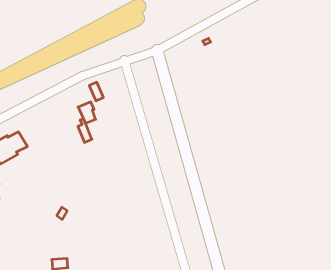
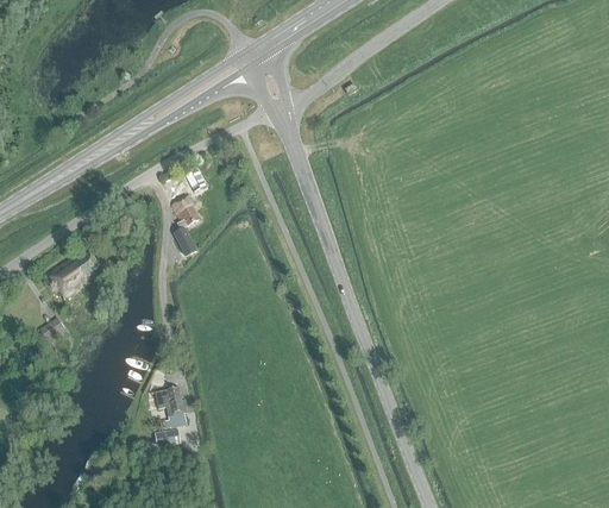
building: none -> [153,385,187,427]

